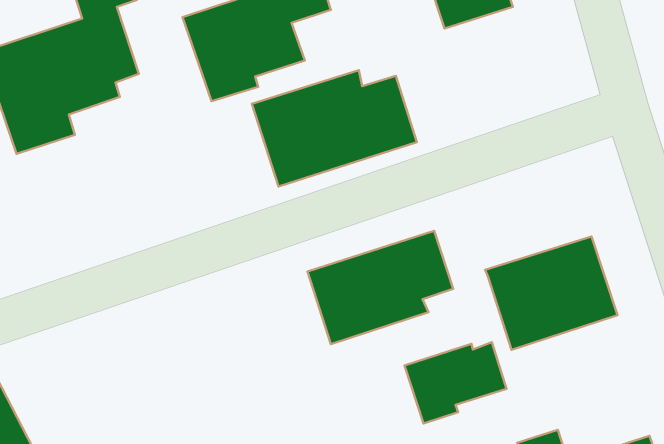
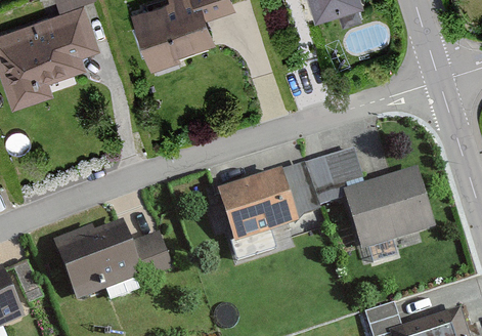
building: [252,70,417,187] -> none
building: none -> [55,222,169,304]
building: [404,342,506,424] -> [306,149,378,206]

